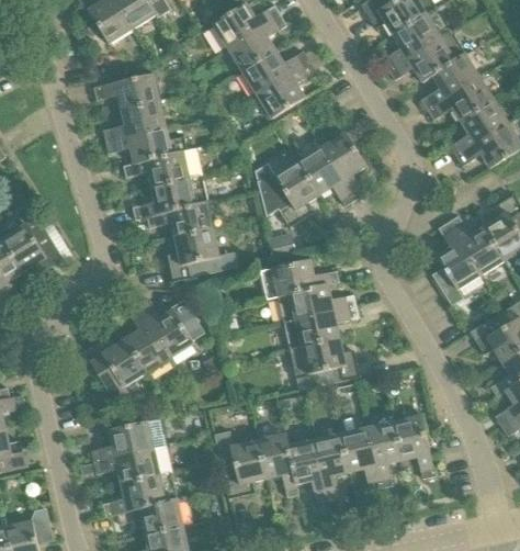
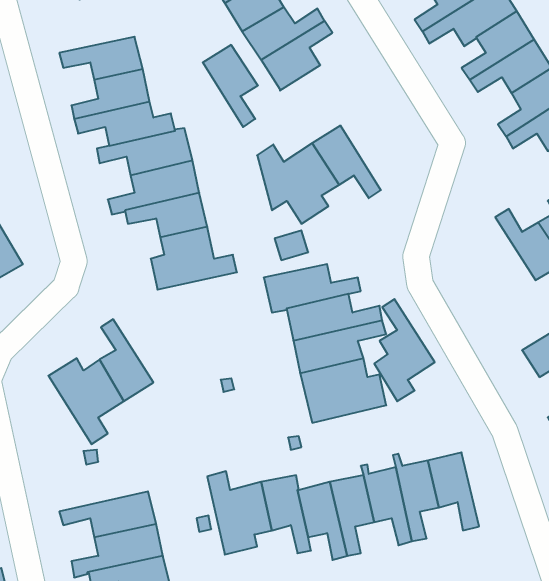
building: [321,133,366,200] -> [203,45,258,127]
building: [431,222,481,305] -> [374,299,435,401]
building: [136,299,204,357] -> none
building: [90,418,165,462] -> none

